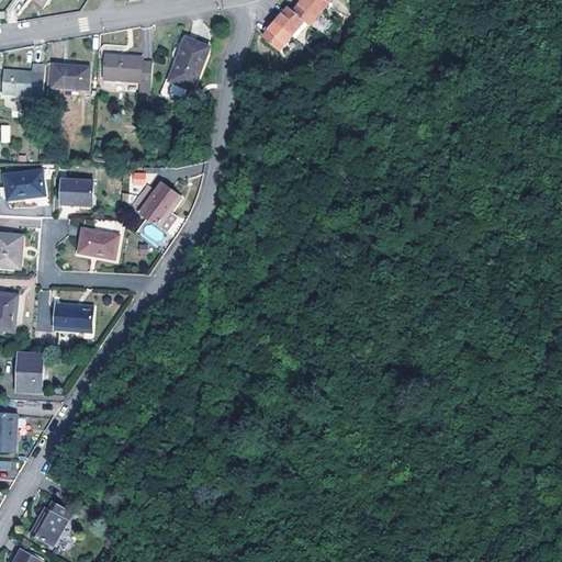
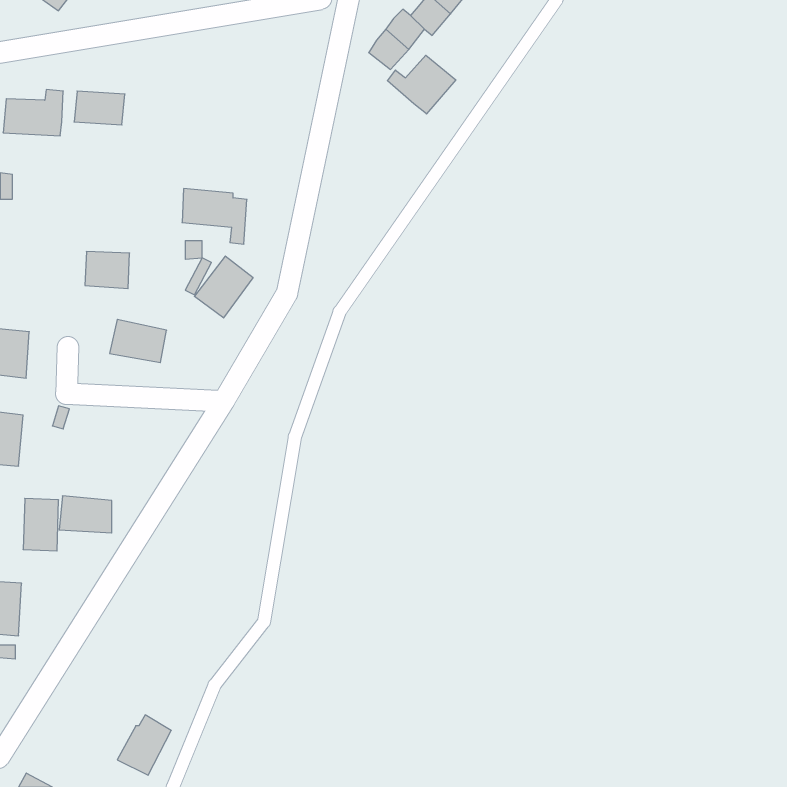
building: [170,37,207,89] -> none
building: none -> [387,55,456,114]
building: [105,55,151,94] -> [182,189,247,244]
building: [5,170,45,199] -> none
building: [53,305,90,331] -> [59,496,112,533]
building: [31,502,69,544] -> [117,715,171,775]

